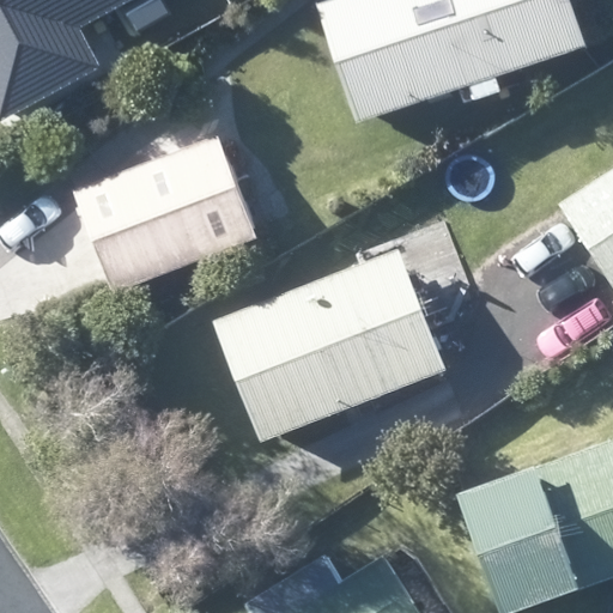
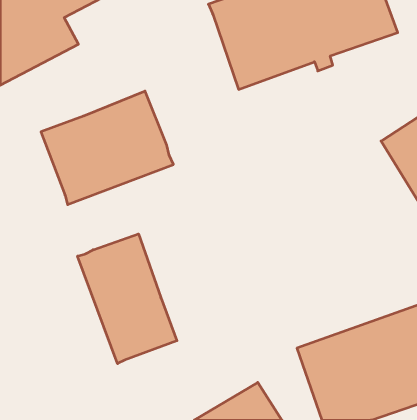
building: [211,247,447,441] -> none
building: none -> [78,234,177,364]

